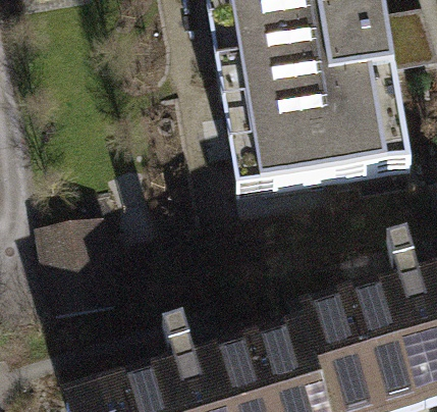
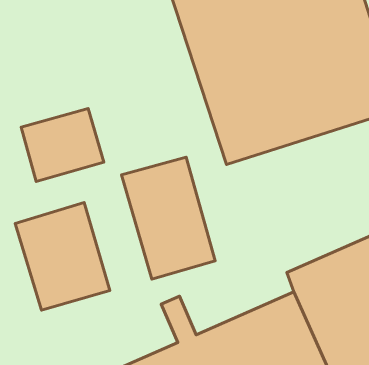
building: none -> [21,109,104,182]
building: none -> [122,157,215,279]

